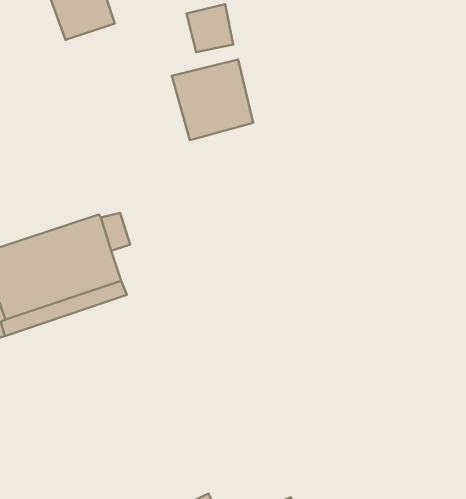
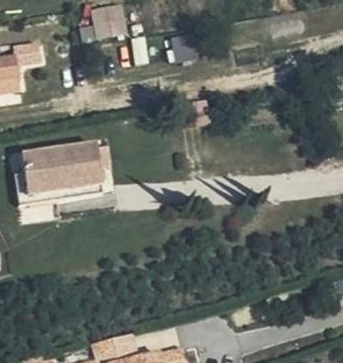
building: [172,60,253,140] -> none

